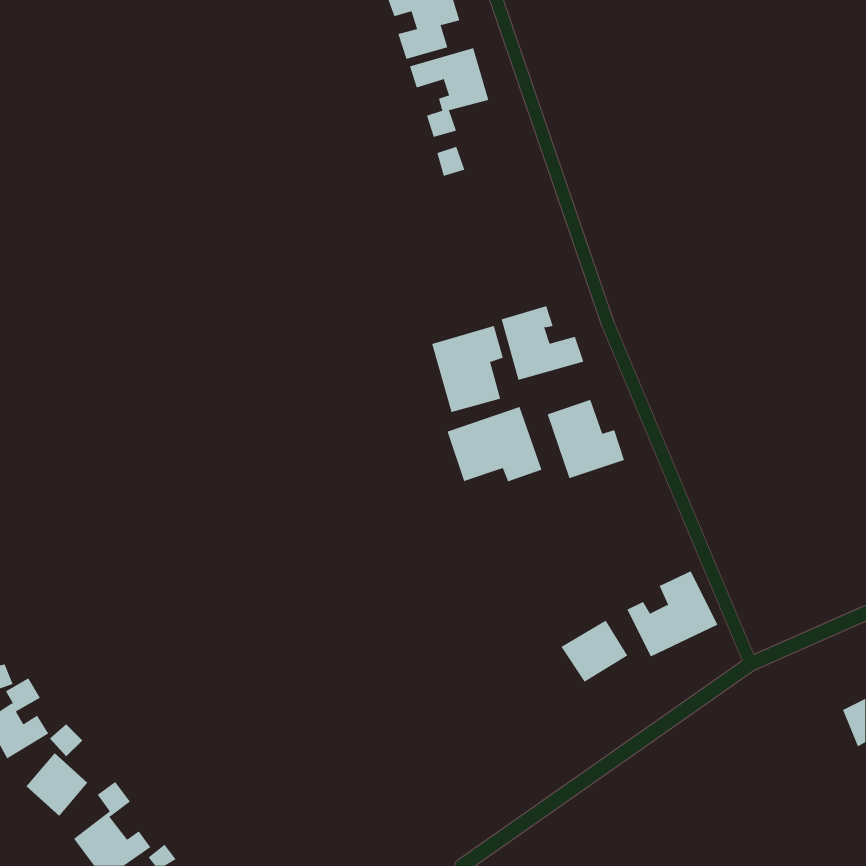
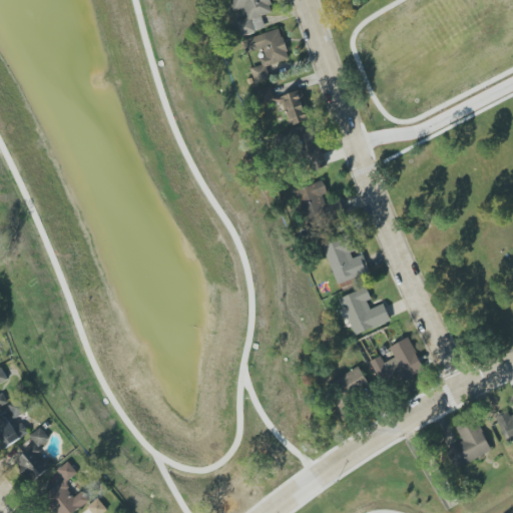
building: none -> [279,89,310,125]
building: [432,325,504,413] -> none
building: [447,406,542,482] -> none
building: none -> [339,288,390,335]
building: none -> [447,418,491,467]

